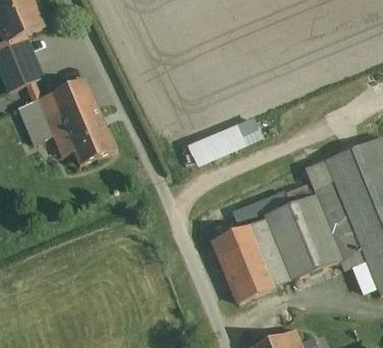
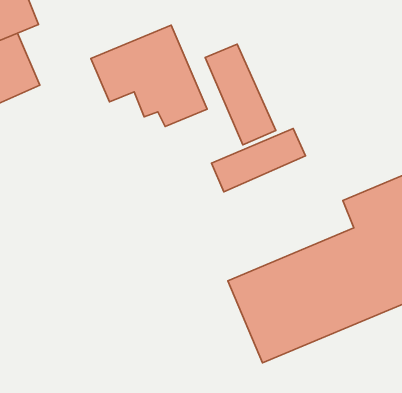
building: none -> [205,44,276,145]
building: [20,80,116,164] -> [91,25,207,127]

